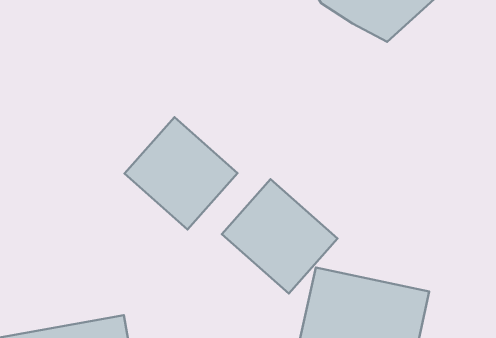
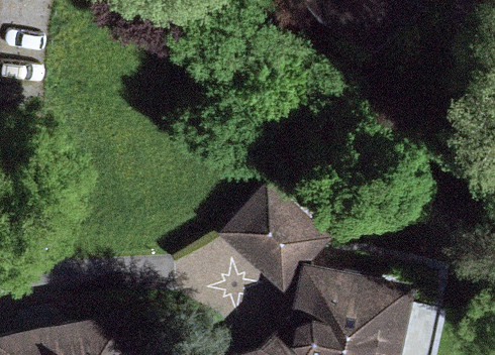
building: [125,117,238,230] -> none

